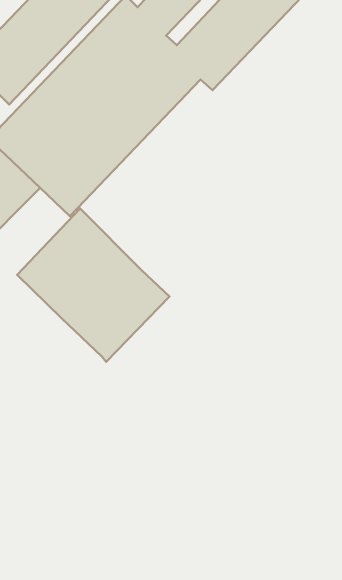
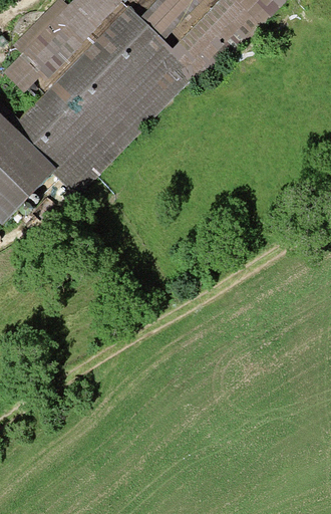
building: [17,208,169,362] -> none

